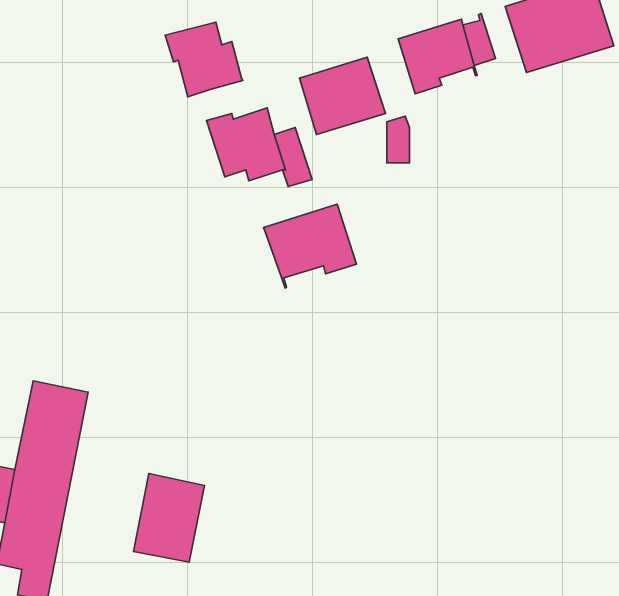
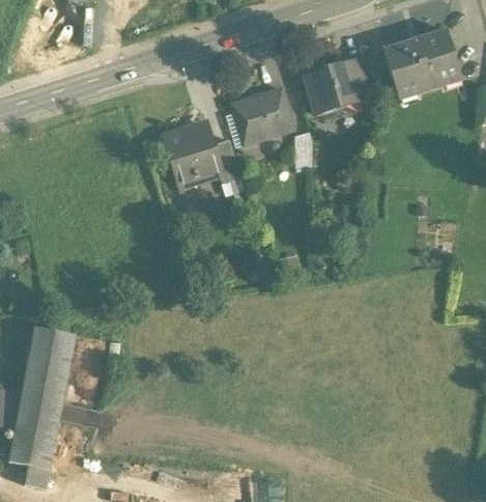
building: [165,22,243,97] -> none
building: [263,204,357,288] -> none
building: [133,474,205,562] -> none

